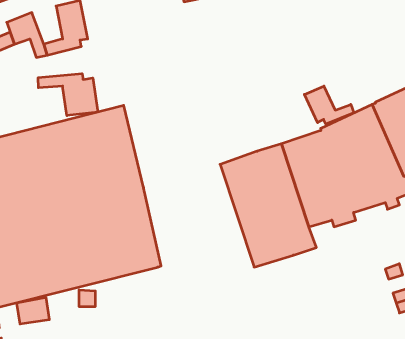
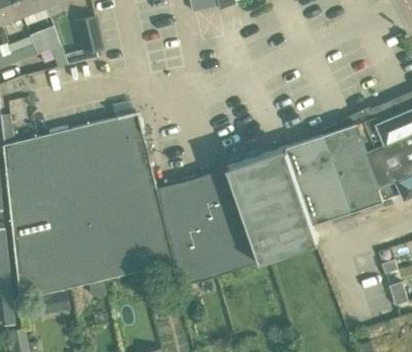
building: [38,74,98,116] -> none
building: [304,86,354,124] -> none
building: none -> [156,166,259,288]

